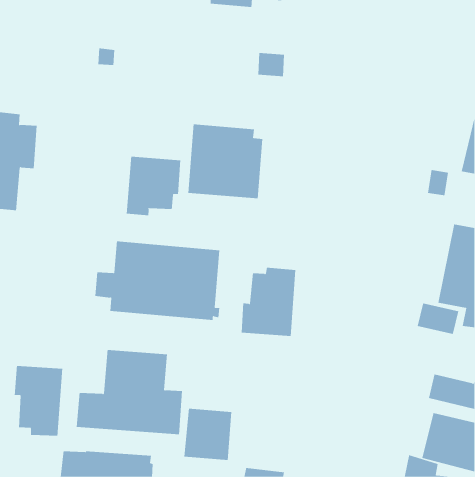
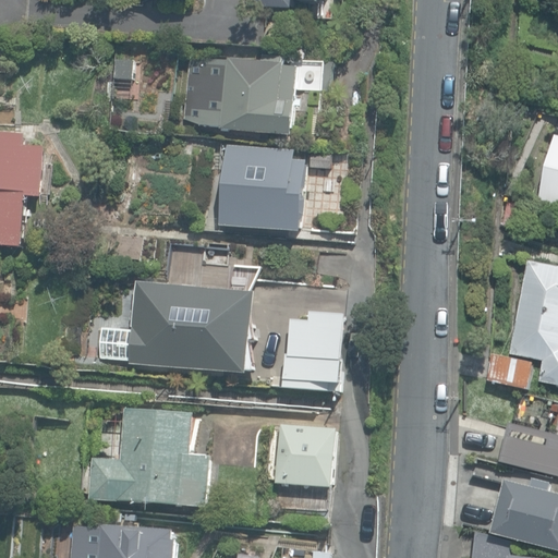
building: none -> [182,56,296,135]
building: [126,156,181,216] -> none
building: [14,365,63,437] -> none
building: [184,408,232,461] -> [277,426,333,487]

